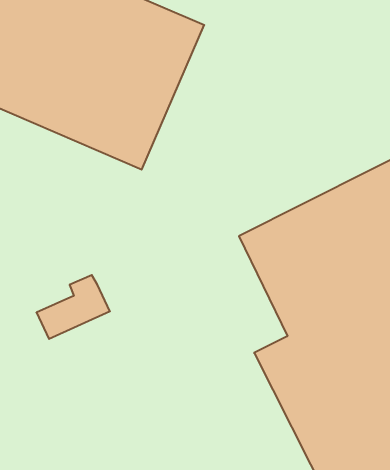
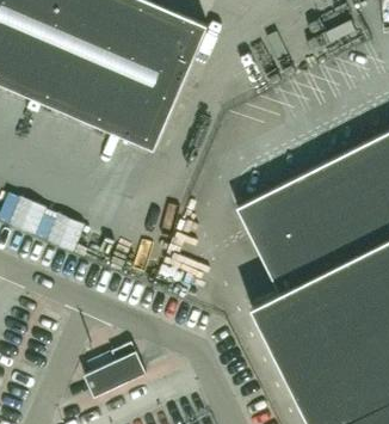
building: [36,275,110,339] -> [82,343,146,398]

